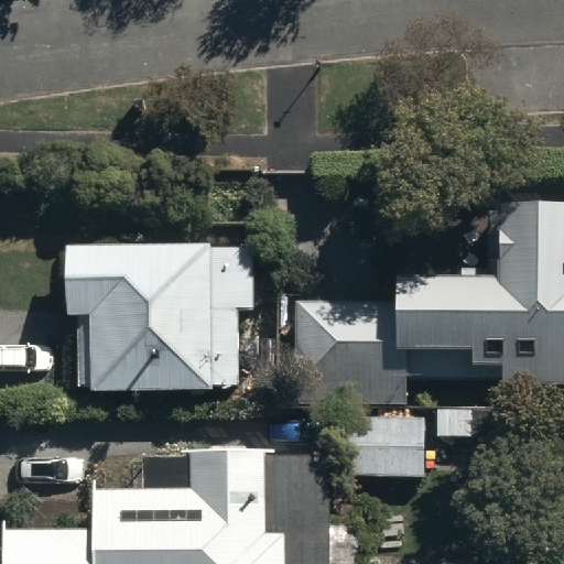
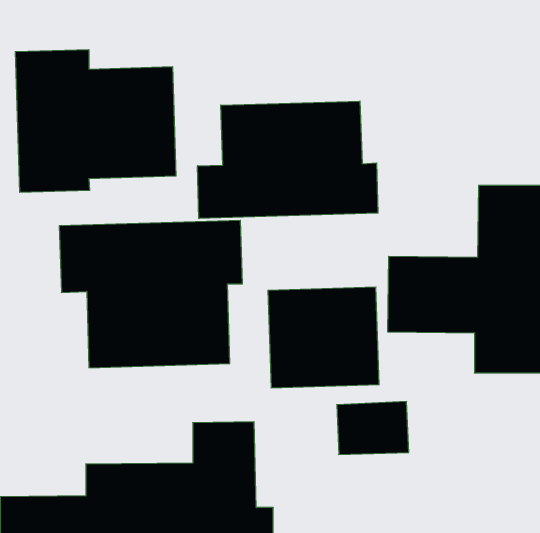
building: none -> [15,50,176,192]
building: none -> [198,101,378,219]

